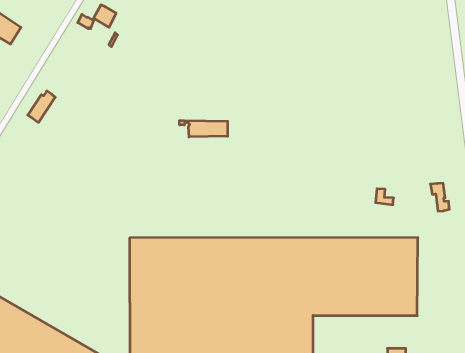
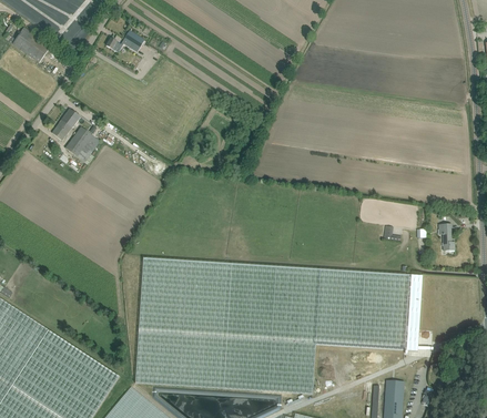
building: none -> [64,126,99,162]
building: [179,121,228,137] -> none

